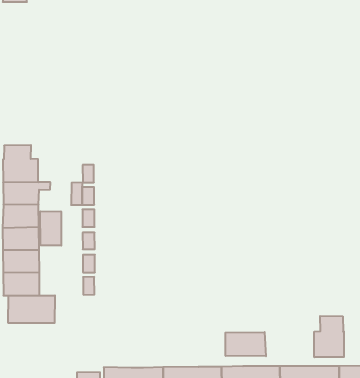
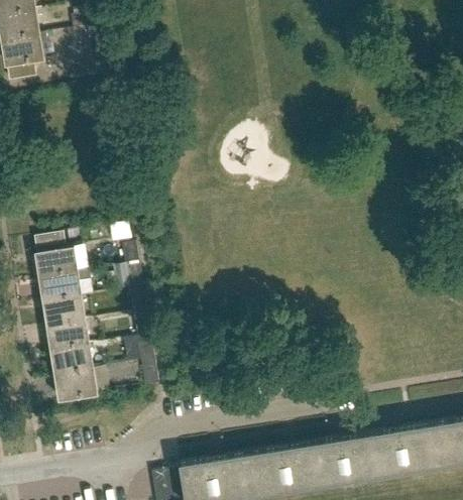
building: [40,211,61,246] -> none
building: [8,295,55,323] -> none
building: [314,316,344,357] -> none
building: [225,332,266,356] -> none

